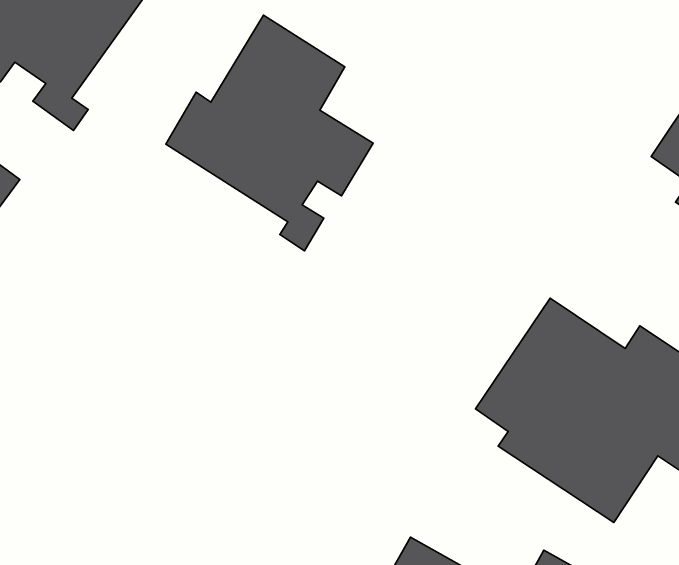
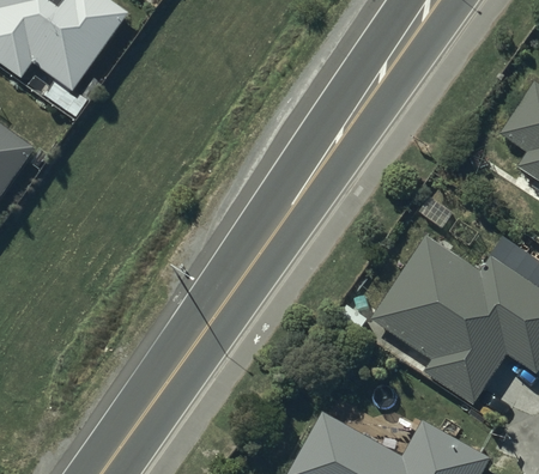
building: [166,15,373,251] -> none

